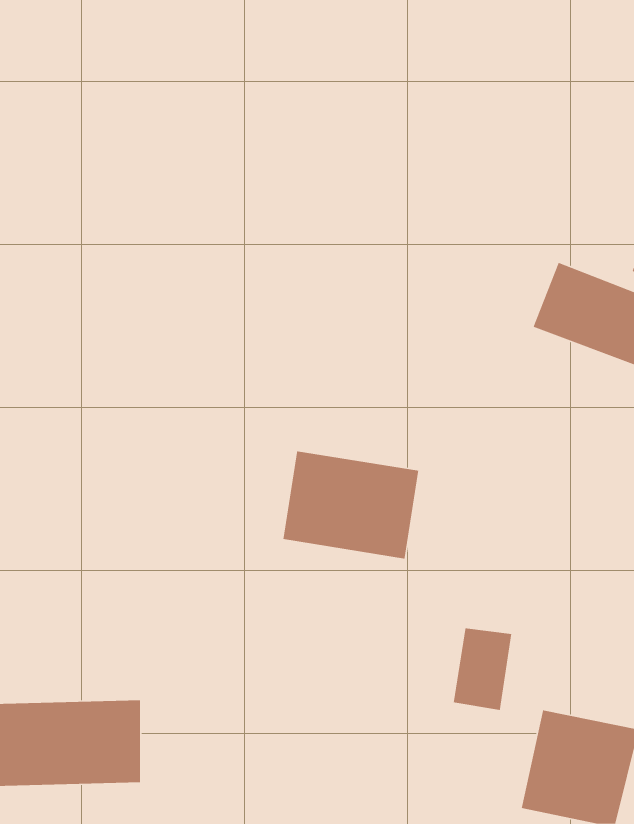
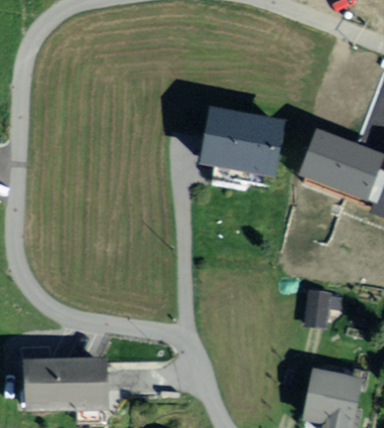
building: [283,450,419,559] -> [210,120,279,175]
building: [453,628,512,711] -> [303,287,334,329]

